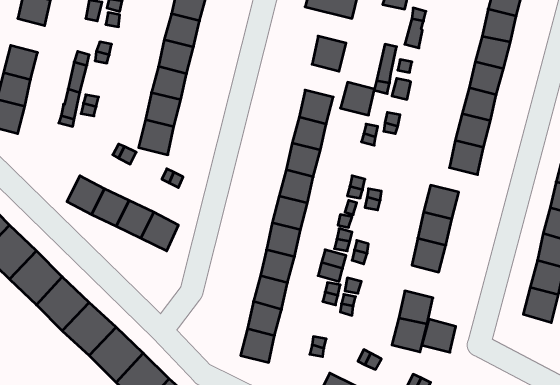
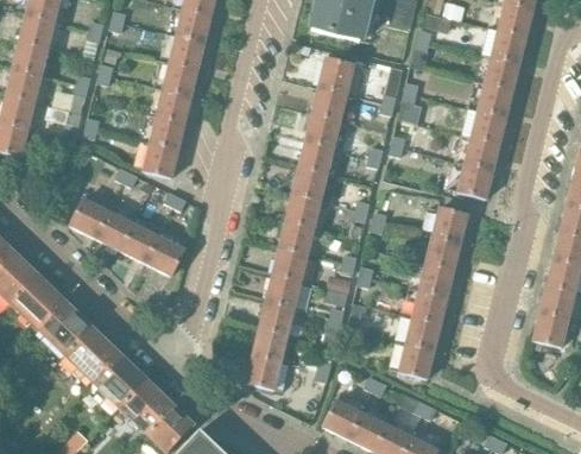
building: none -> [13,39,48,74]
building: [340,82,374,115] -> [311,86,346,119]
building: [422,319,456,352] -> [412,289,447,322]

